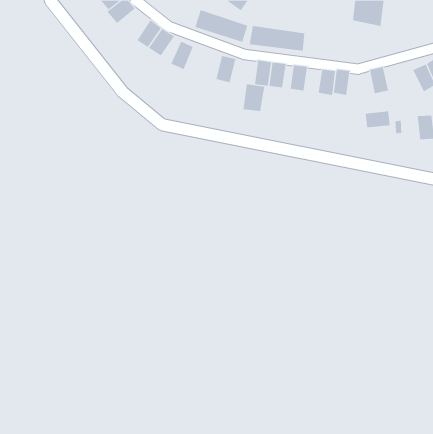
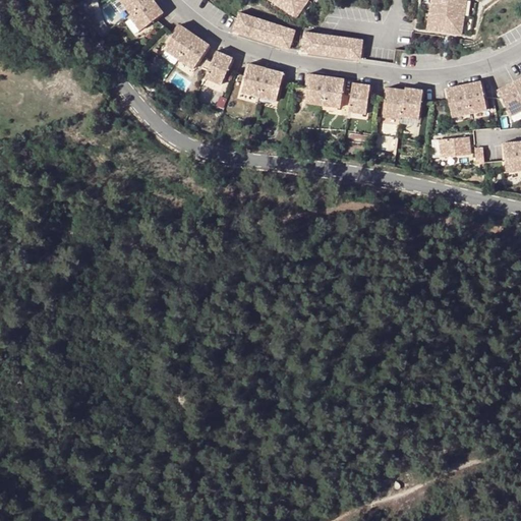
building: none -> [243,64,268,97]
building: none -> [461,78,484,110]
building: [243,83,265,112] -> none

